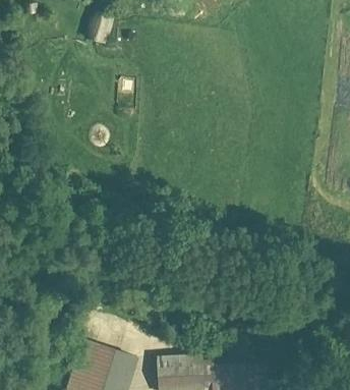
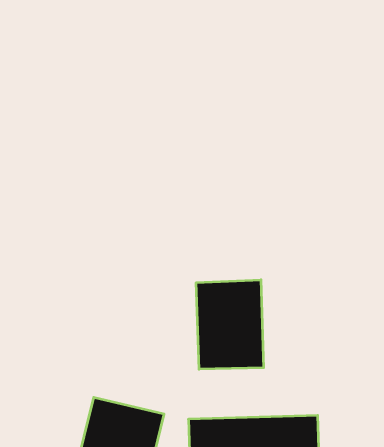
building: none -> [196,280,264,369]

